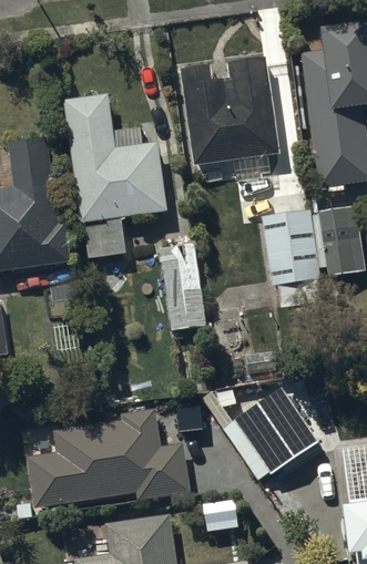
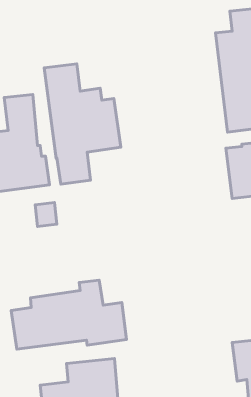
building: [182,62,281,168] -> none
building: [263,215,325,315] -> none
building: [161,250,207,336] -> none
building: [223,375,324,470] -> none

